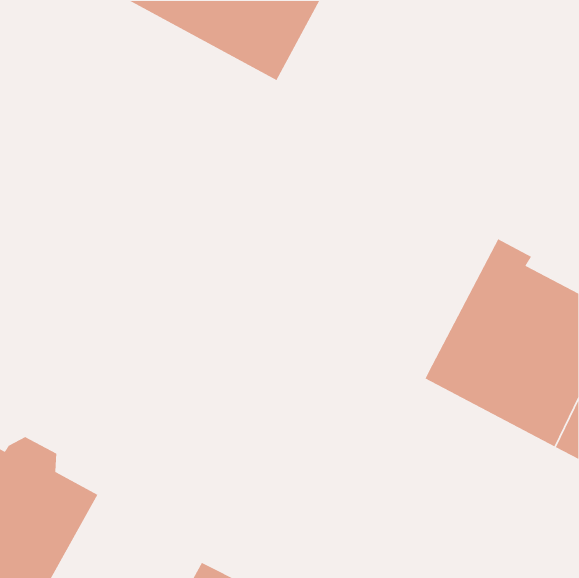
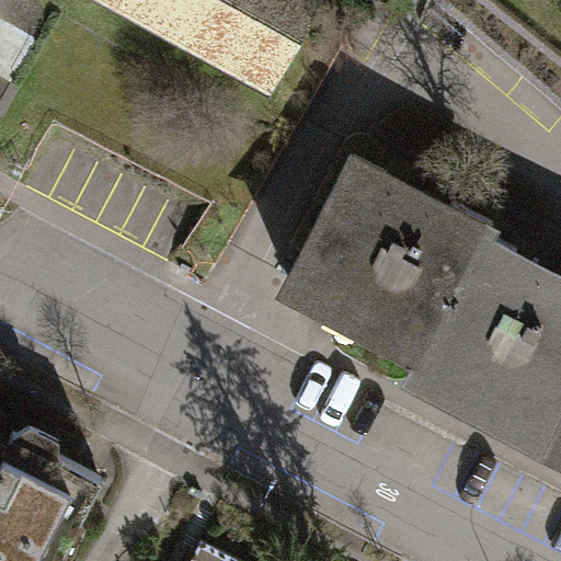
building: none -> [280,163,483,363]

